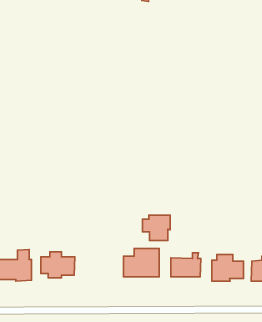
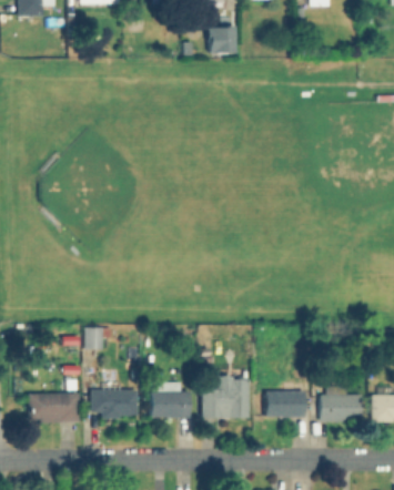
building: none -> [85,328,112,349]
building: [143,215,170,240] -> none
building: none -> [152,391,190,418]

